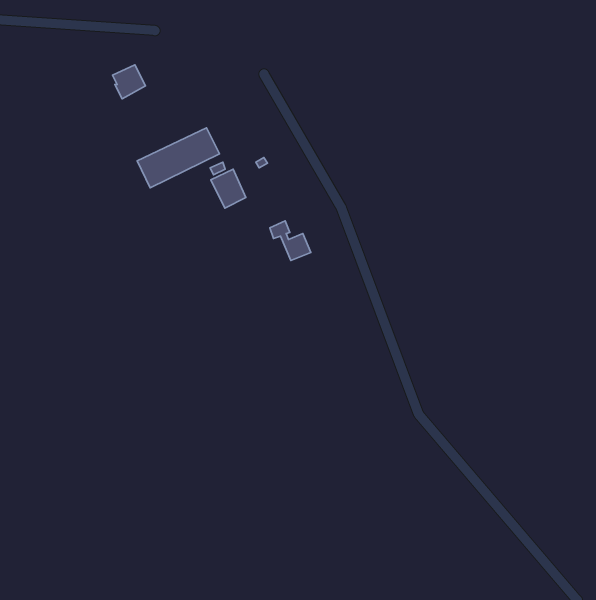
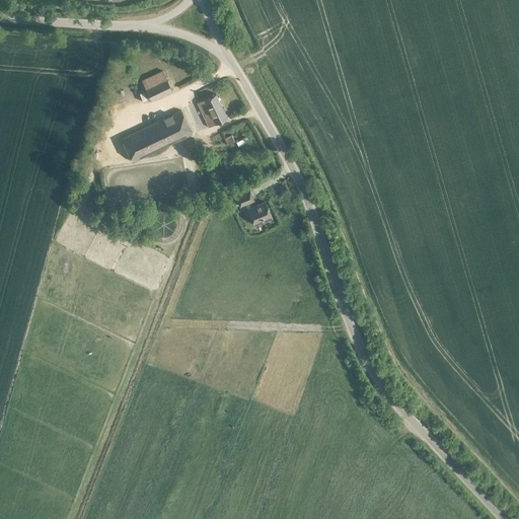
building: [113,65,145,99] -> [141,72,169,101]
building: [211,169,246,208] -> [194,93,224,127]

